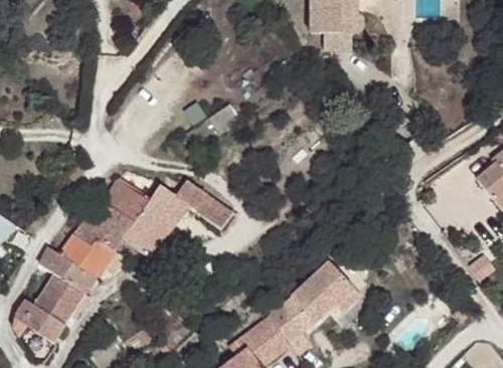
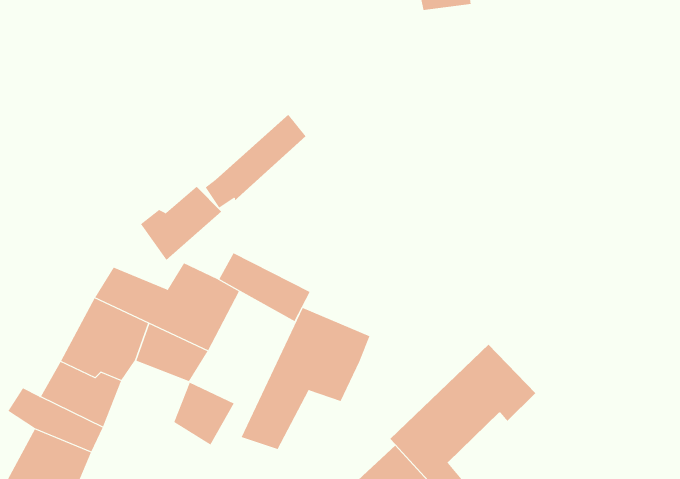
building: none -> [140,186,222,261]
building: none -> [241,307,370,450]
building: none -> [174,382,234,446]

